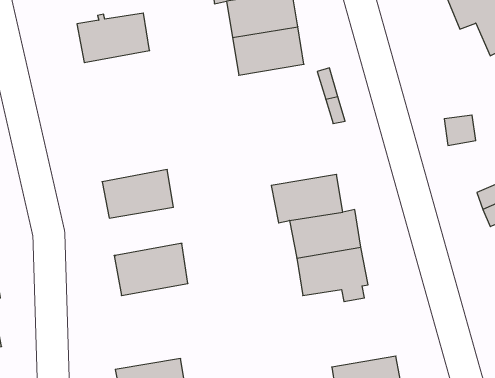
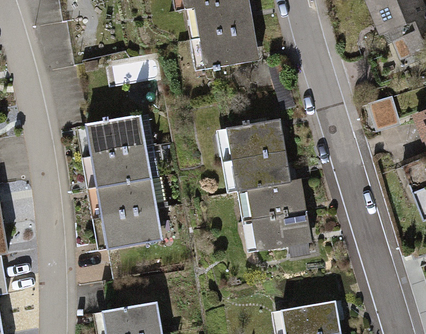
building: [77,13,150,63] -> [85,115,145,156]
building: none -> [226,119,285,159]
building: none -> [97,177,156,217]

